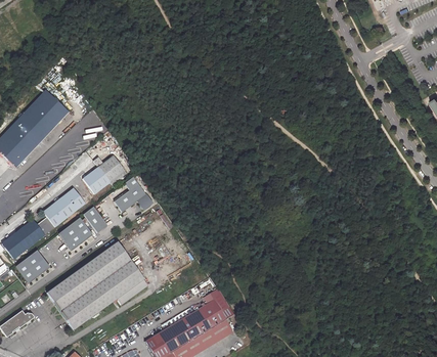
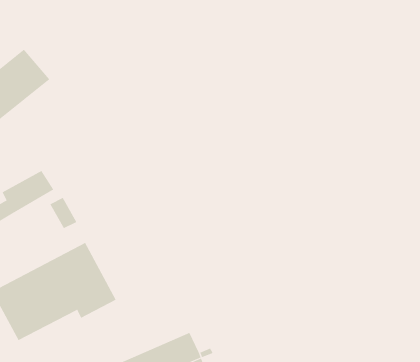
building: [84,154,127,192] -> none
building: [114,176,151,212] -> none
building: [58,217,92,250] -> none

